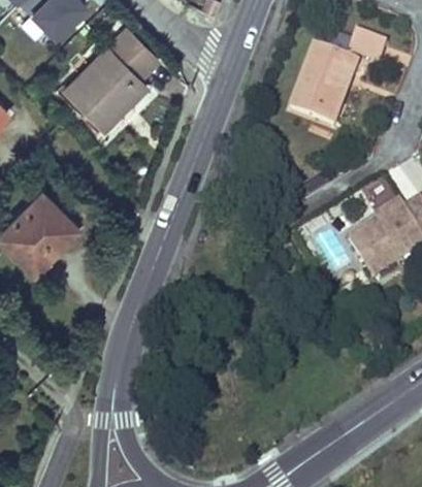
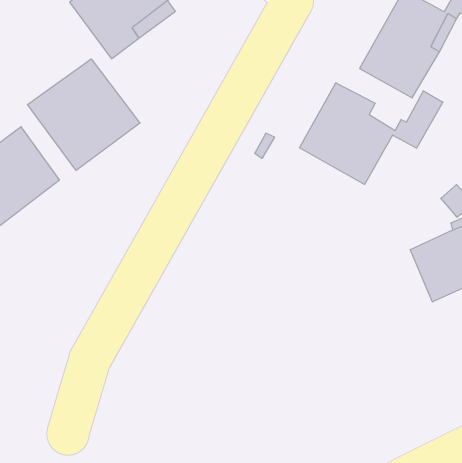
building: none -> [299,83,443,184]
building: none -> [27,59,140,170]

